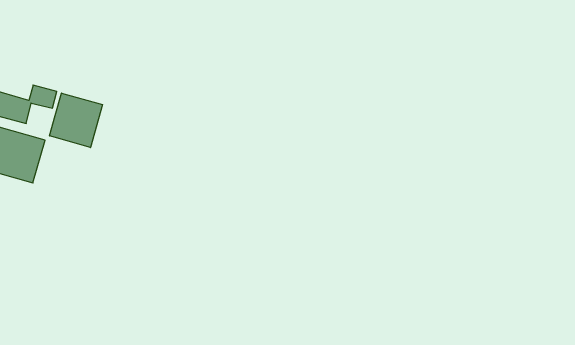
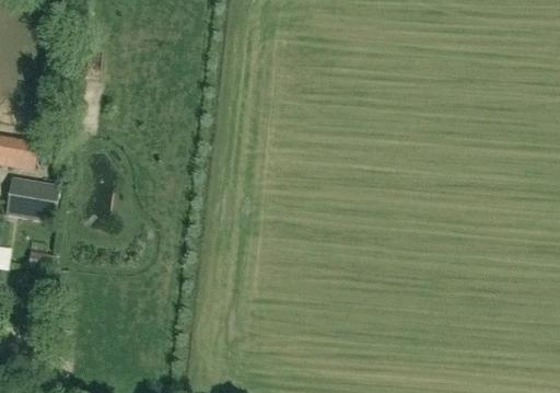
building: [50,93,102,148] -> none

